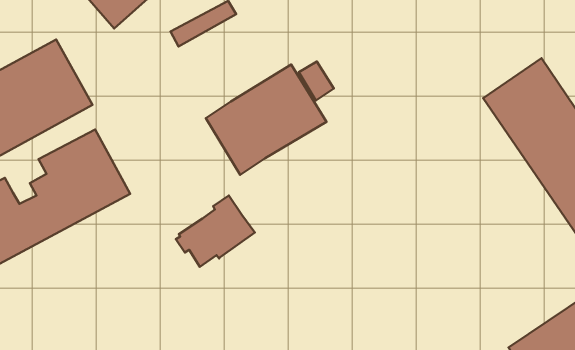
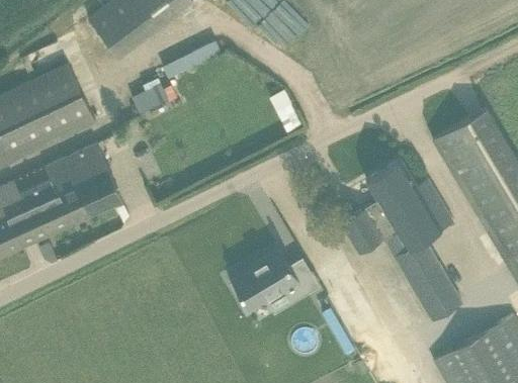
building: none -> [134,81,169,111]
building: [206,65,327,175] -> none
building: none -> [340,160,460,320]
building: [176,196,255,267] -> [229,249,297,308]

